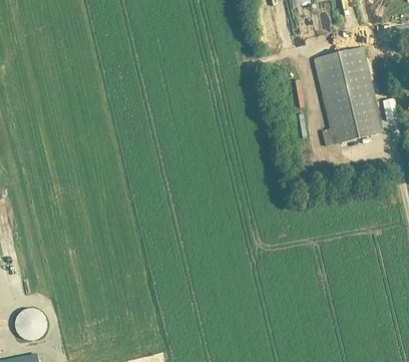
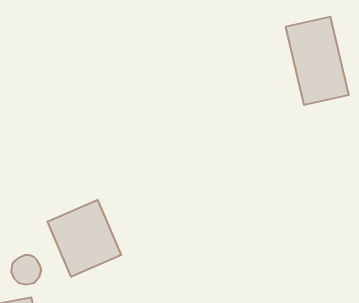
building: none -> [48,200,121,277]

